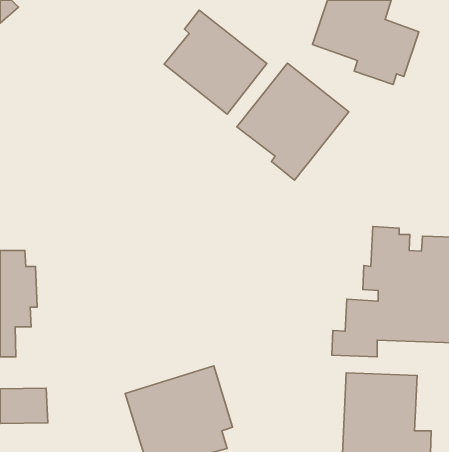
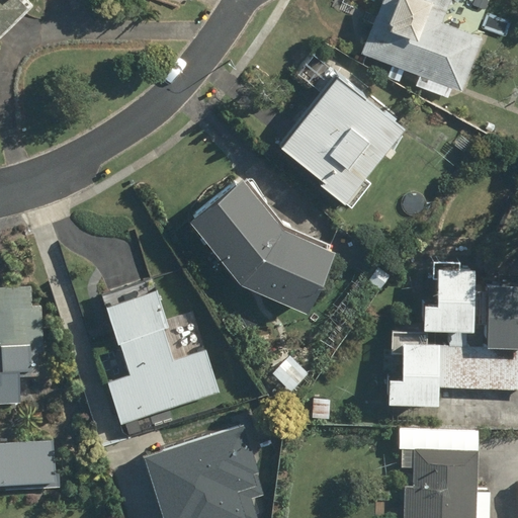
building: [164,10,267,114] -> none
building: none -> [183,178,330,315]
building: none -> [103,276,223,425]

